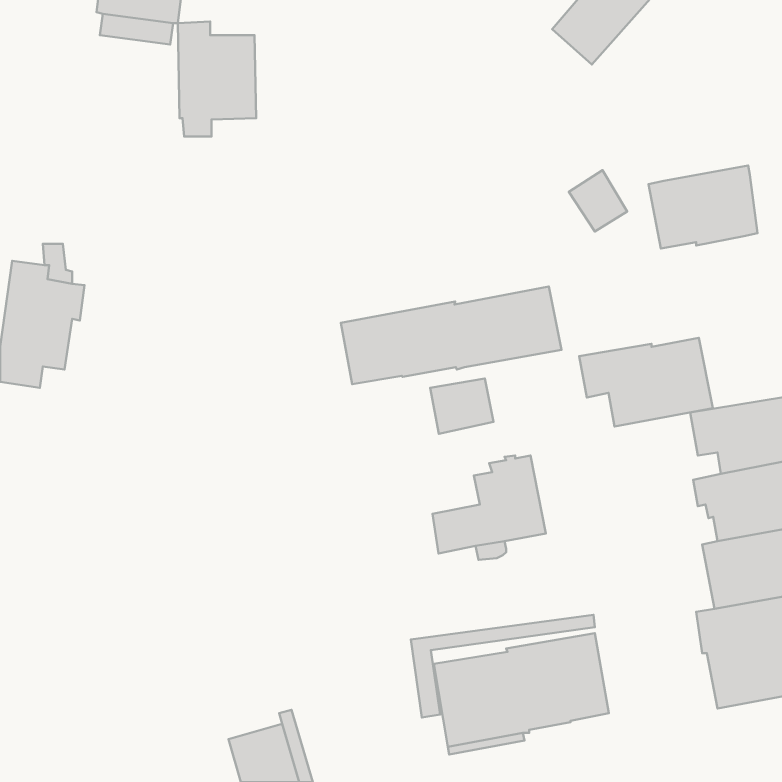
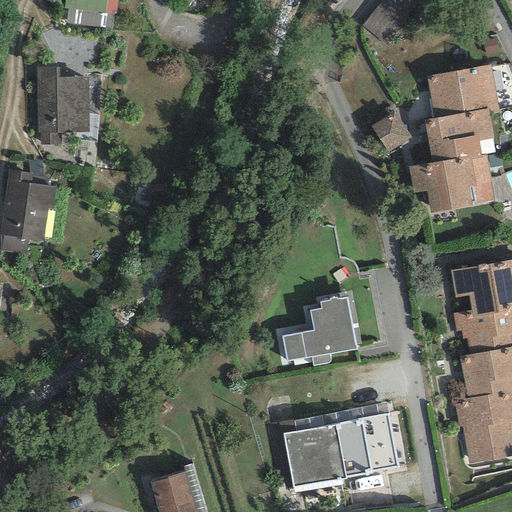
building: [178,21,256,136] -> [38,68,89,143]
building: none -> [426,64,500,118]
building: [341,286,561,384] -> none
building: [579,338,713,427] -> [408,154,495,212]
building: [430,378,494,434] -> none

